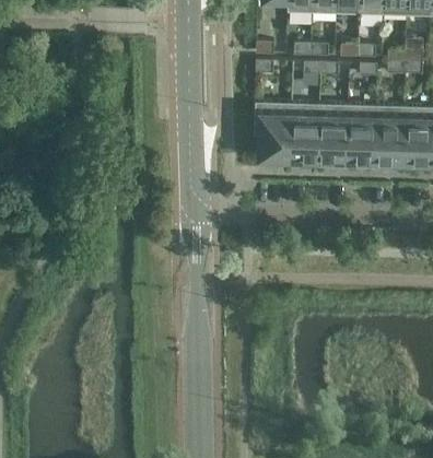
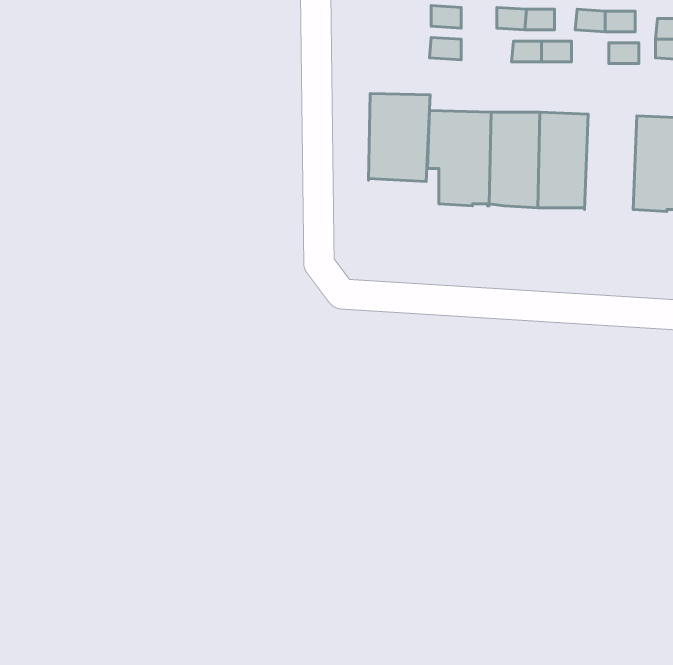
building: none -> [369,94,430,181]
building: [346,105,376,161] -> none

